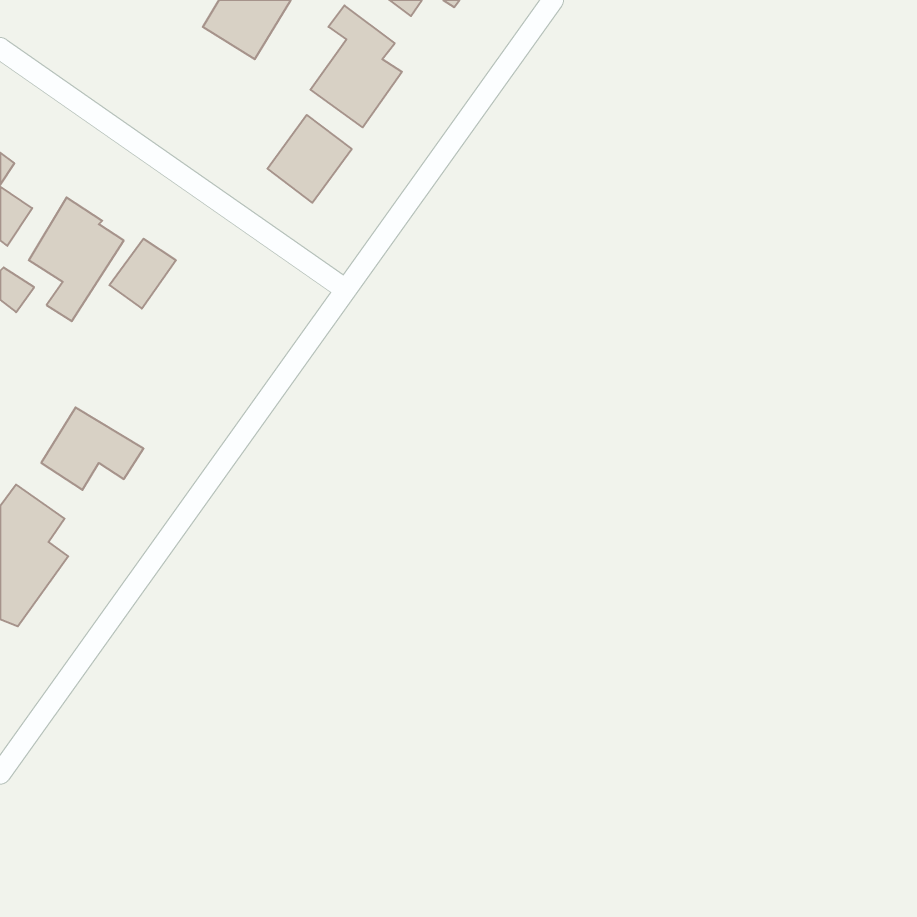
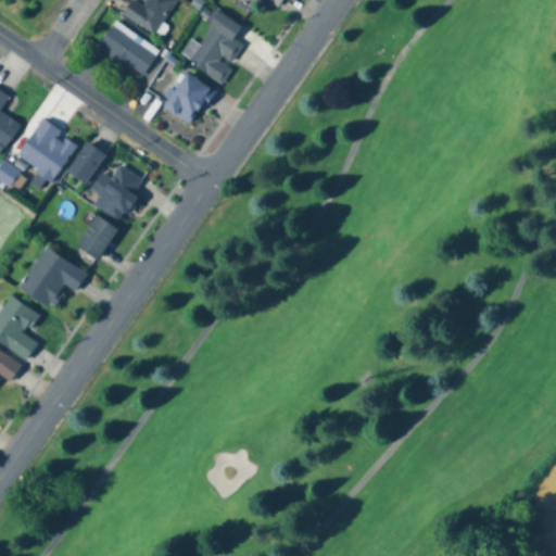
building: none -> [97,24,157,79]
building: none -> [92,164,142,215]
building: none -> [77,213,116,255]

